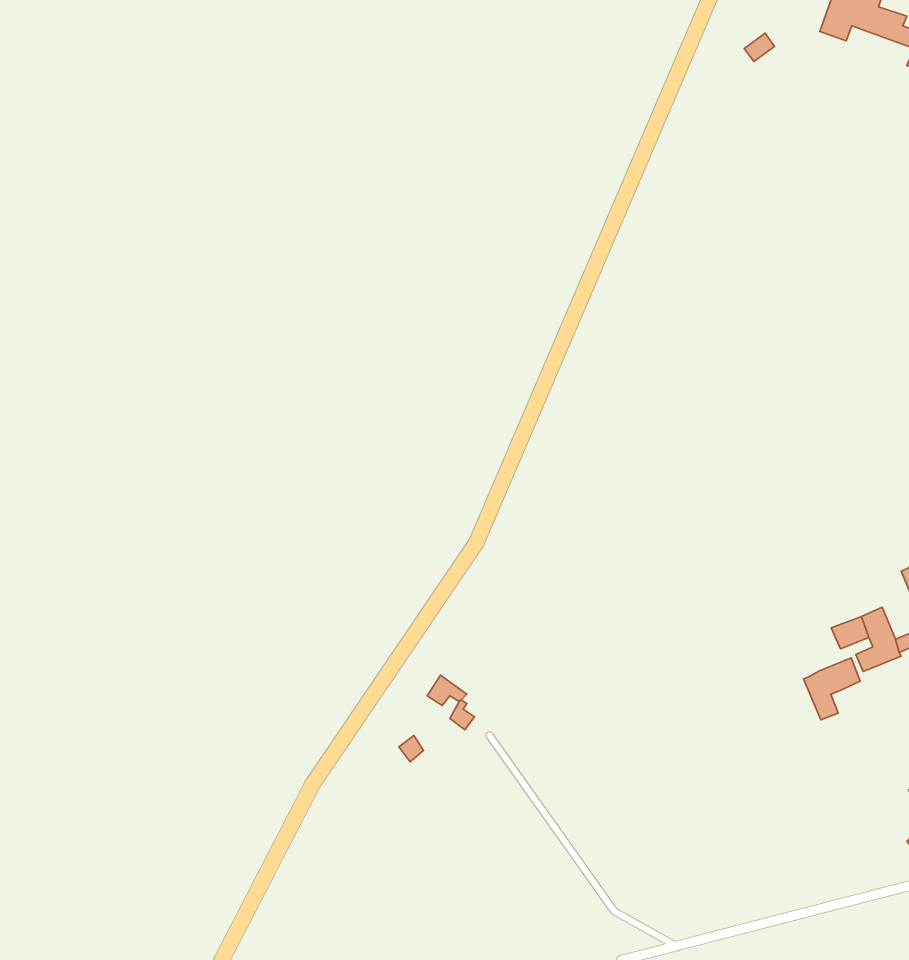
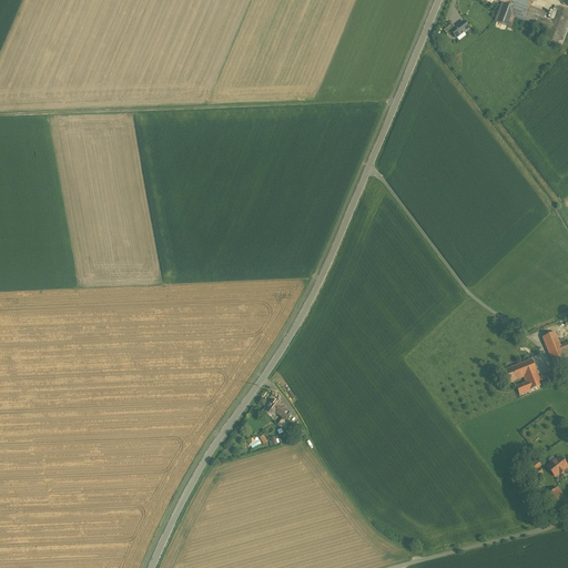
building: [803,658,860,720] -> none

